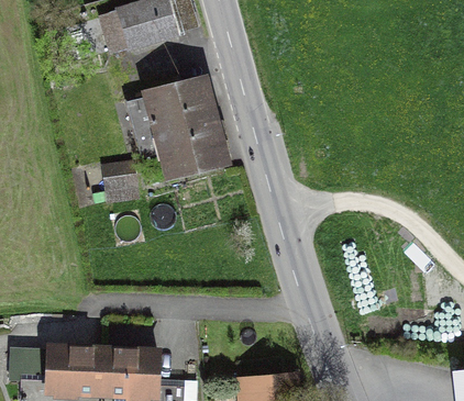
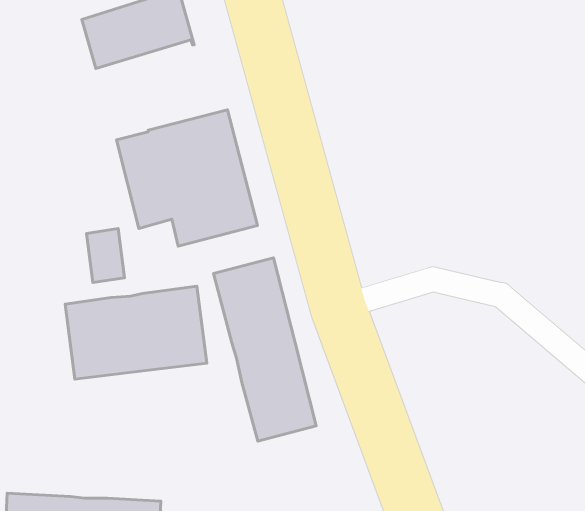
building: none -> [214,258,316,441]
building: none -> [65,286,207,379]

